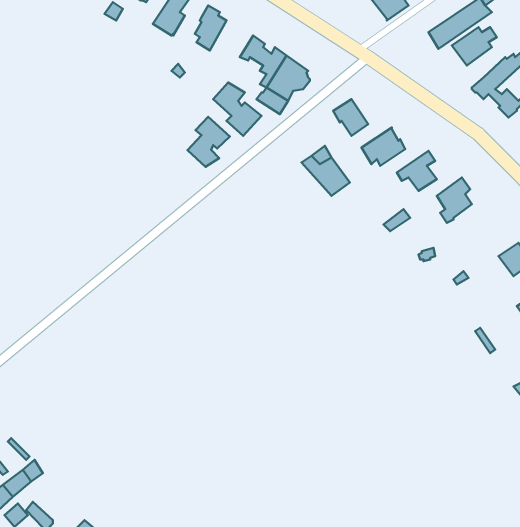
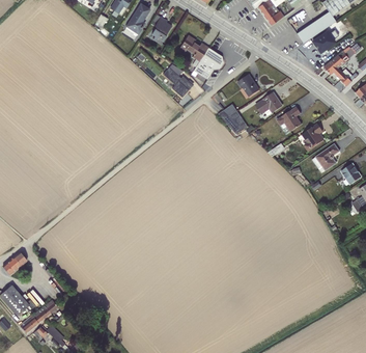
building: [188,117,230,167] -> none
building: none -> [312,143,339,172]

